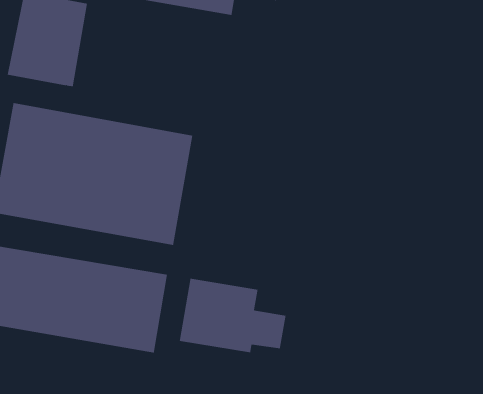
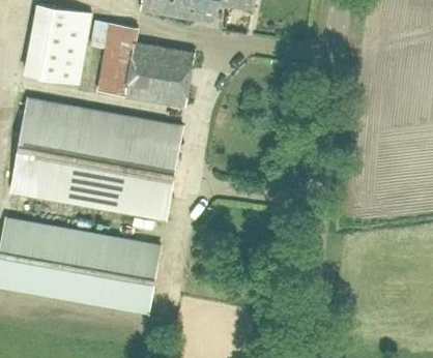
building: none -> [90,21,195,109]
building: [179,278,286,353] -> none

